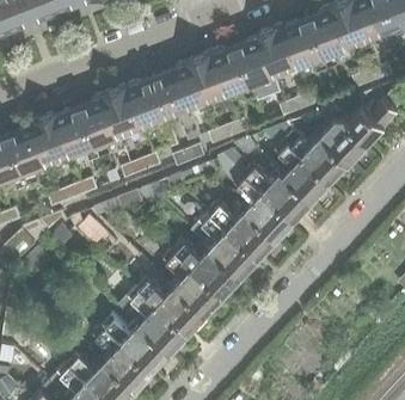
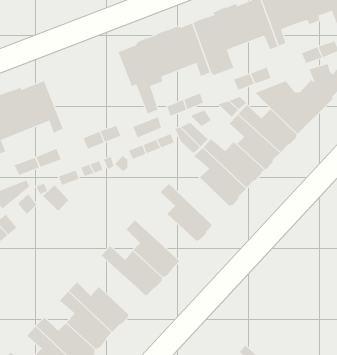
building: [80,75,179,156] -> none
building: [211,203,276,258] -> none
building: [176,241,241,296] -> none
building: [130,290,188,352] -> none

